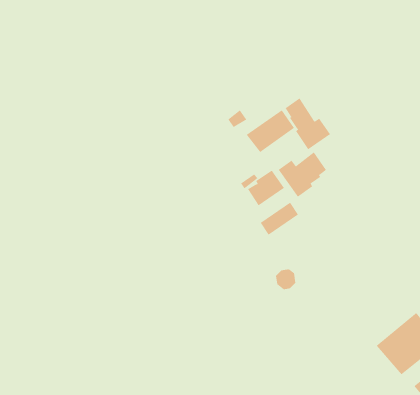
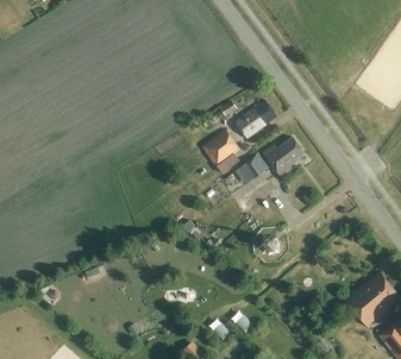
building: [285,98,331,150] -> none
building: none -> [199,128,239,168]

